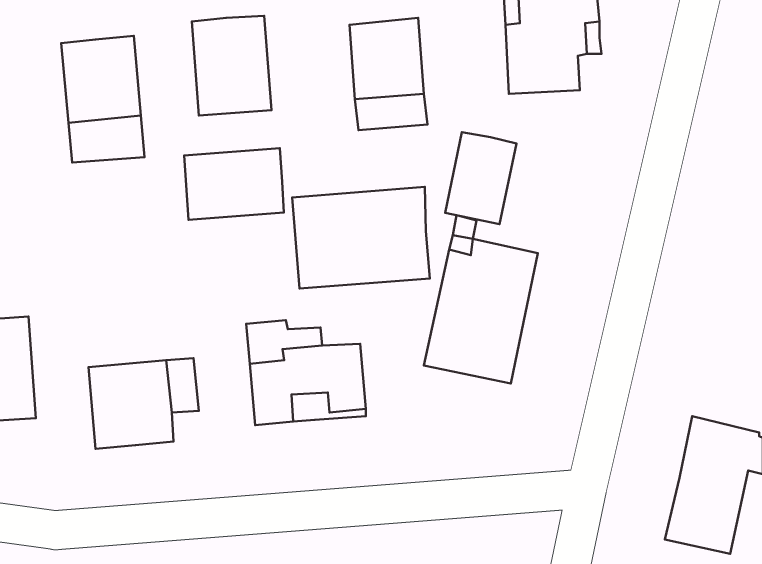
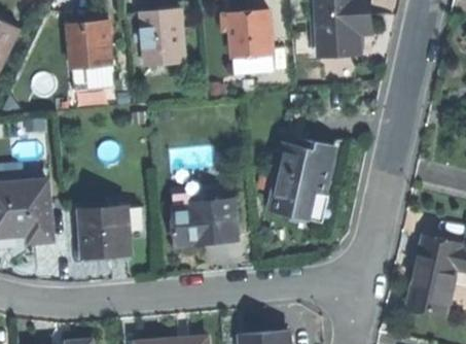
building: [445,132,516,224] -> none
building: [184,148,284,220] -> none
building: [292,187,430,289] -> none

